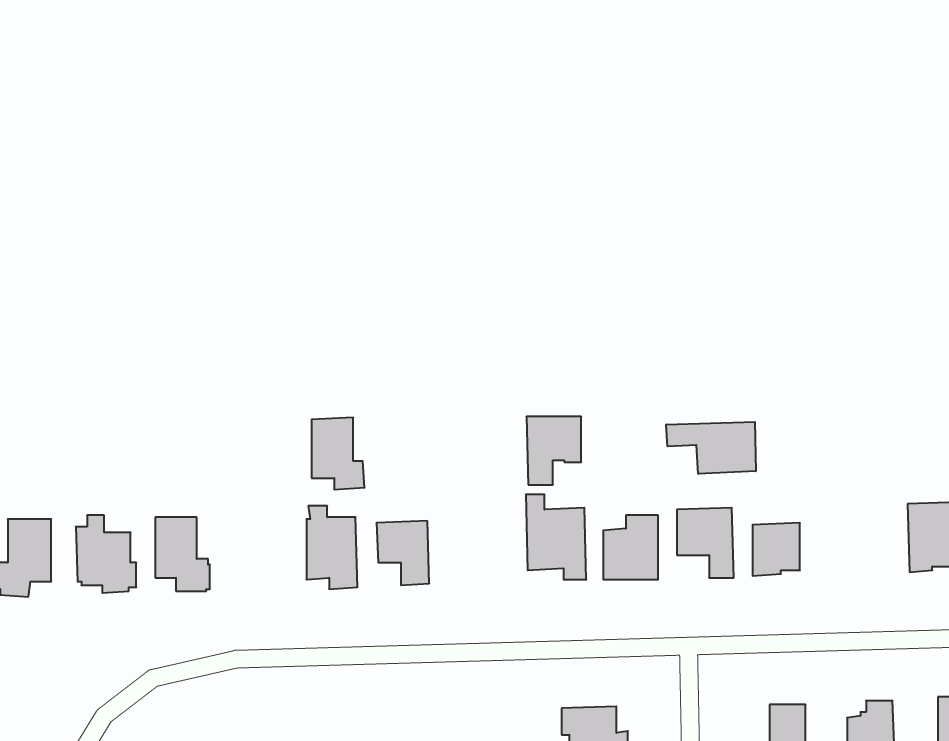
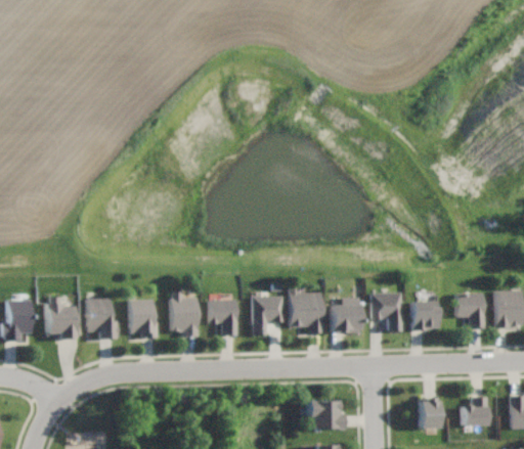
building: [526,417,581,485] -> [252,298,281,334]
building: [312,418,365,490] -> [130,300,159,339]
building: [666,422,756,474] -> none
building: none -> [456,294,484,329]

